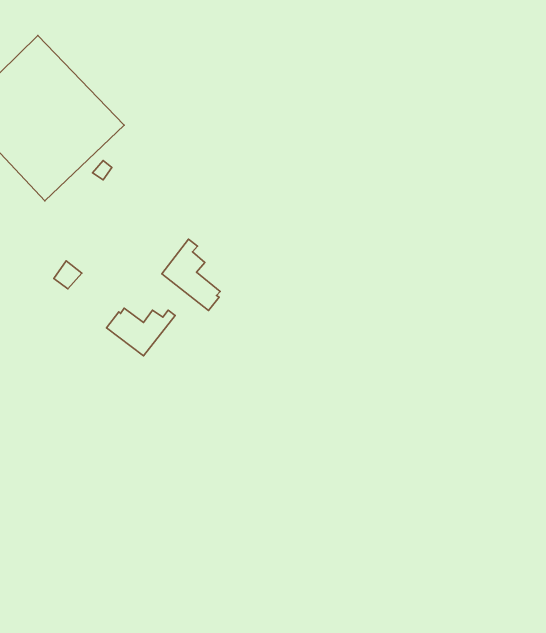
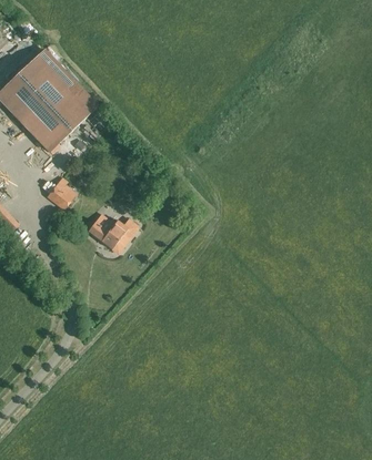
building: [162,239,220,311] -> none

